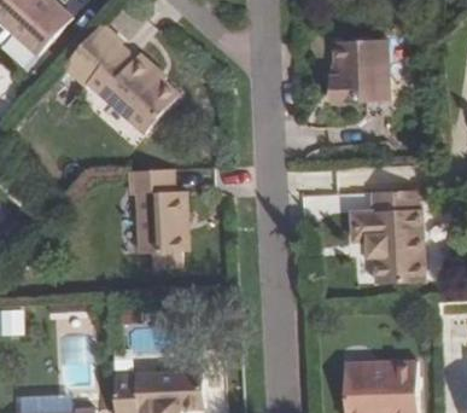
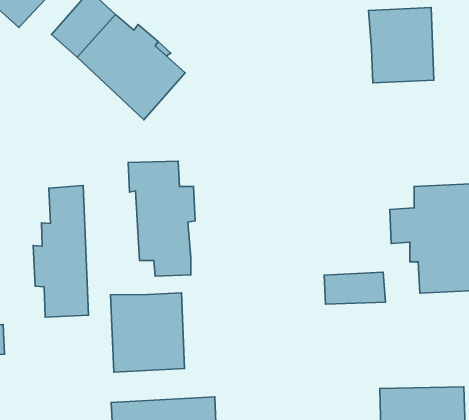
building: none -> [33,185,88,317]
building: none -> [324,272,386,304]
building: none -> [110,293,184,372]

